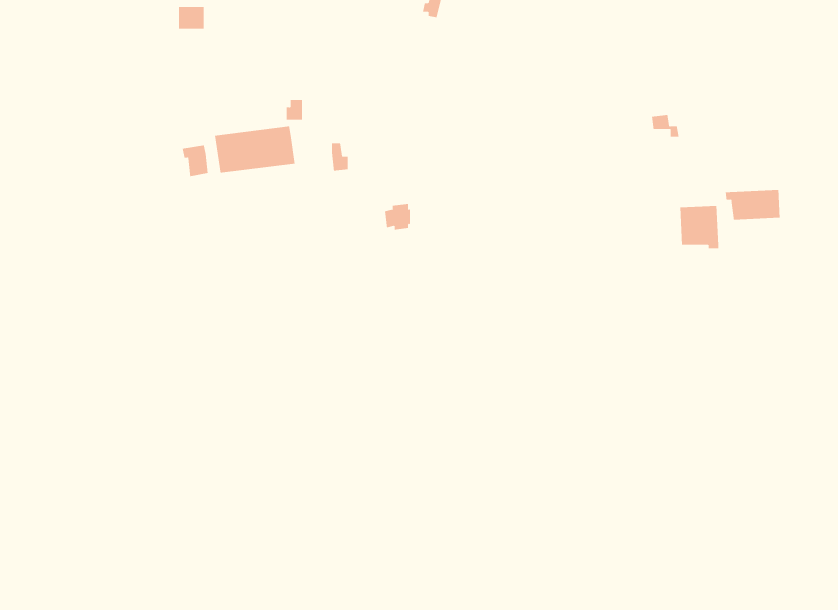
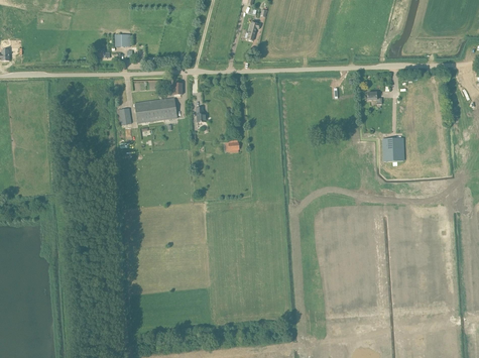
building: [725,189,780,220] -> none

